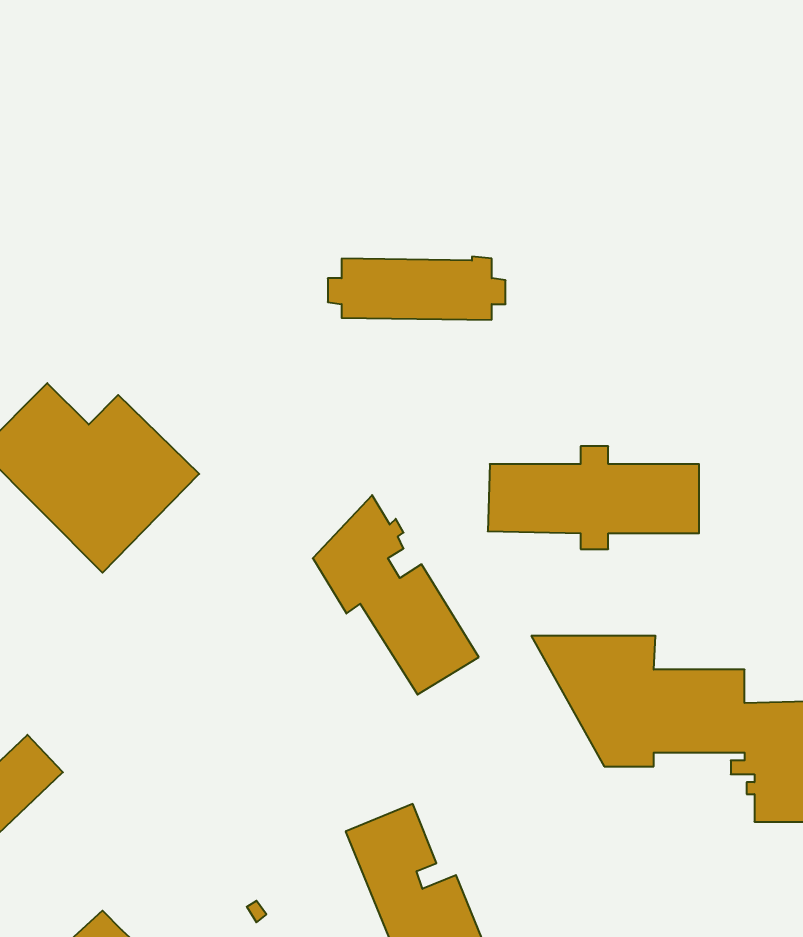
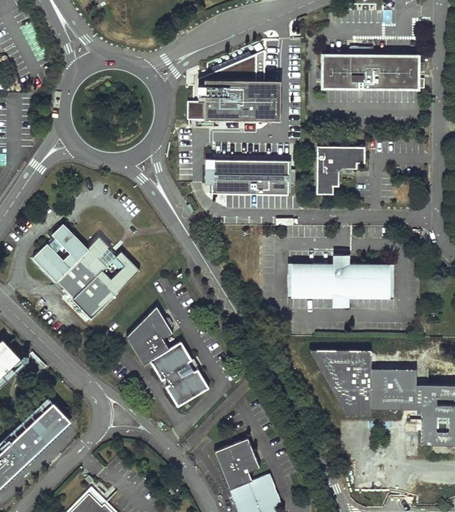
building: none -> [186,49,280,120]
building: none -> [323,49,425,89]
building: none -> [317,144,365,192]
building: [313,495,479,695] -> [126,305,210,406]

